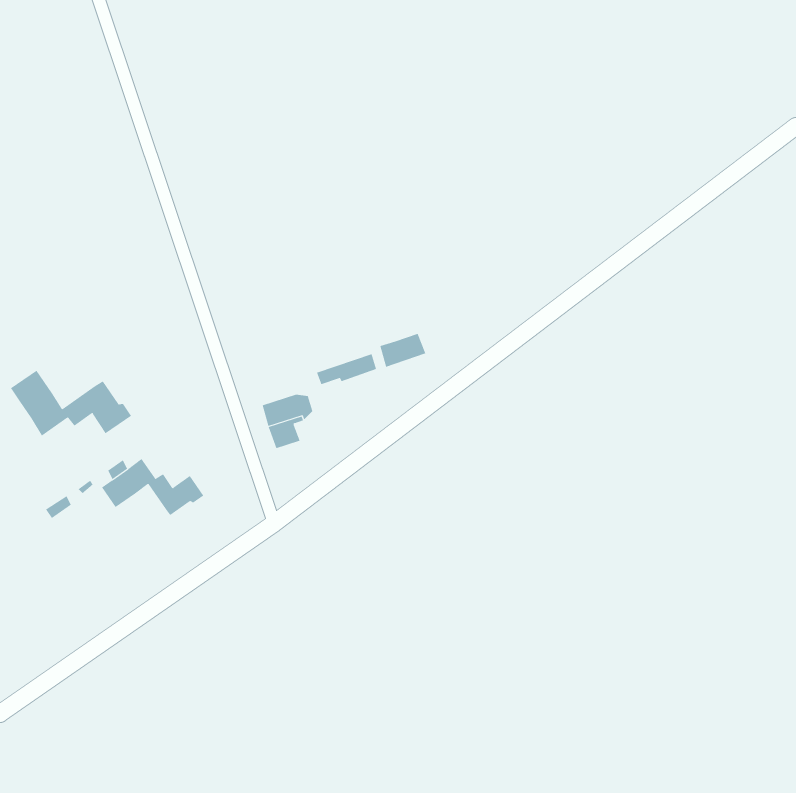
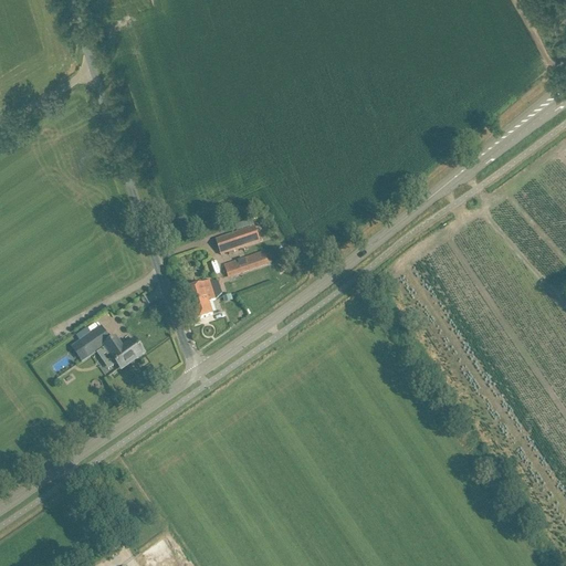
building: [379,333,426,368] -> [227,226,260,250]
building: [10,370,132,436] -> none

